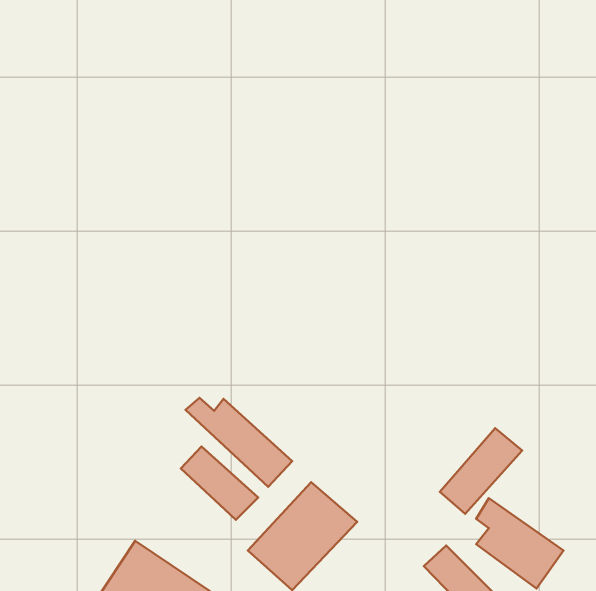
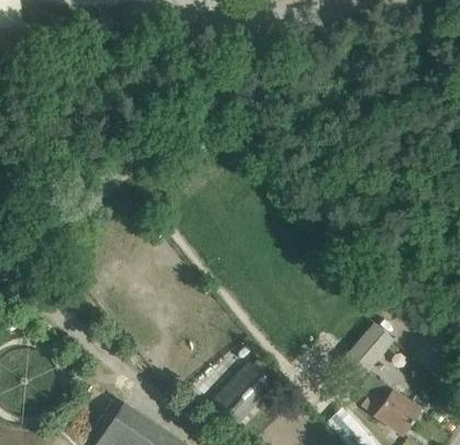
building: [186,398,292,487] -> none
building: [181,446,258,520] -> none

